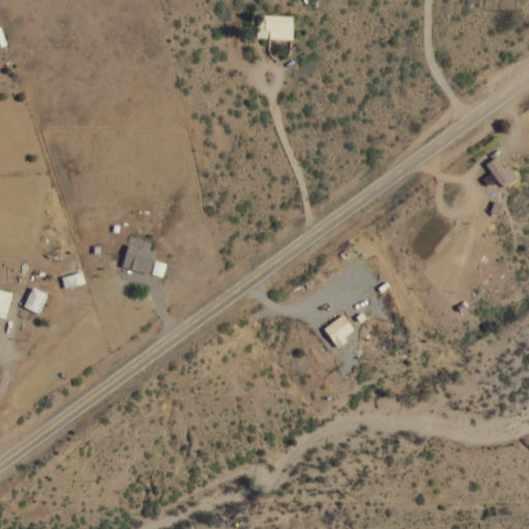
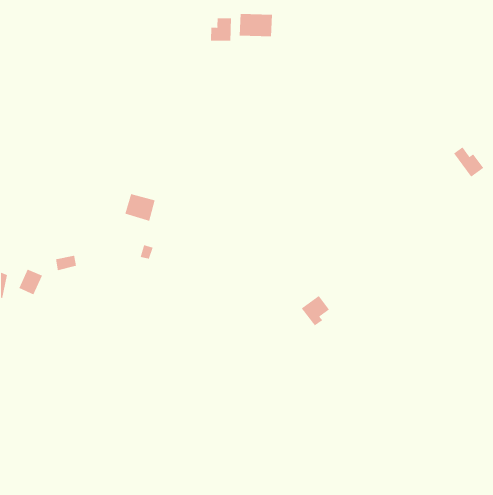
building: none -> [210,18,232,42]
building: [122,244,155,274] -> [125,193,156,222]

